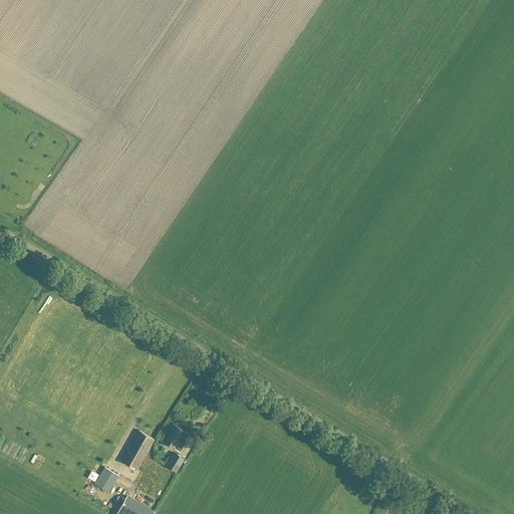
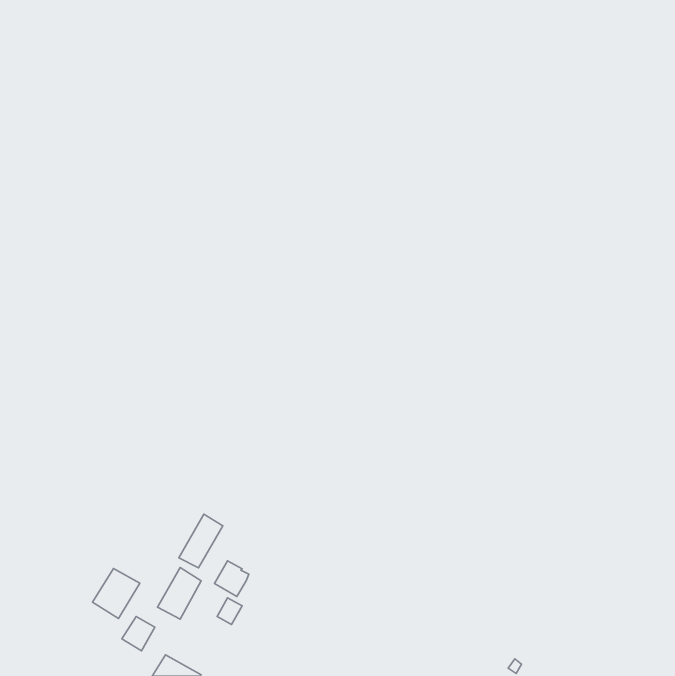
building: none -> [179,514,223,568]
building: none -> [93,569,140,619]

